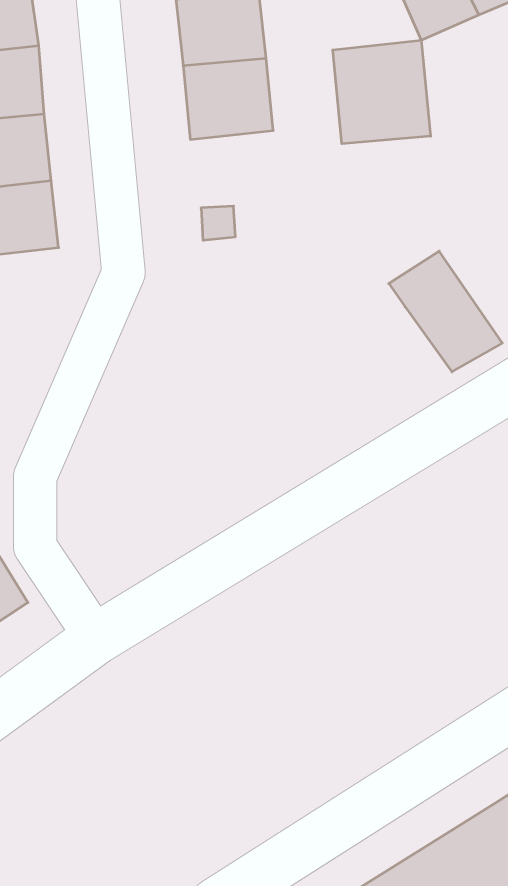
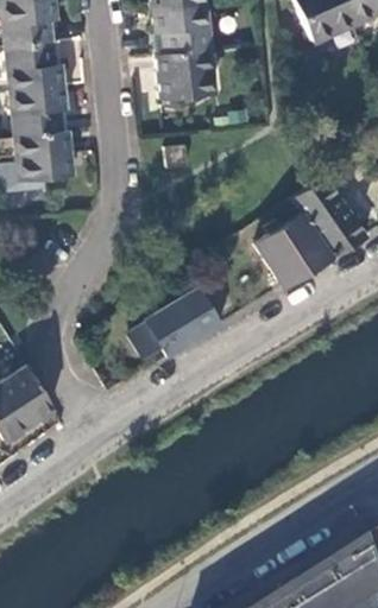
building: [333,40,431,144] -> none
building: none -> [253,214,332,284]
building: none -> [146,286,221,356]

